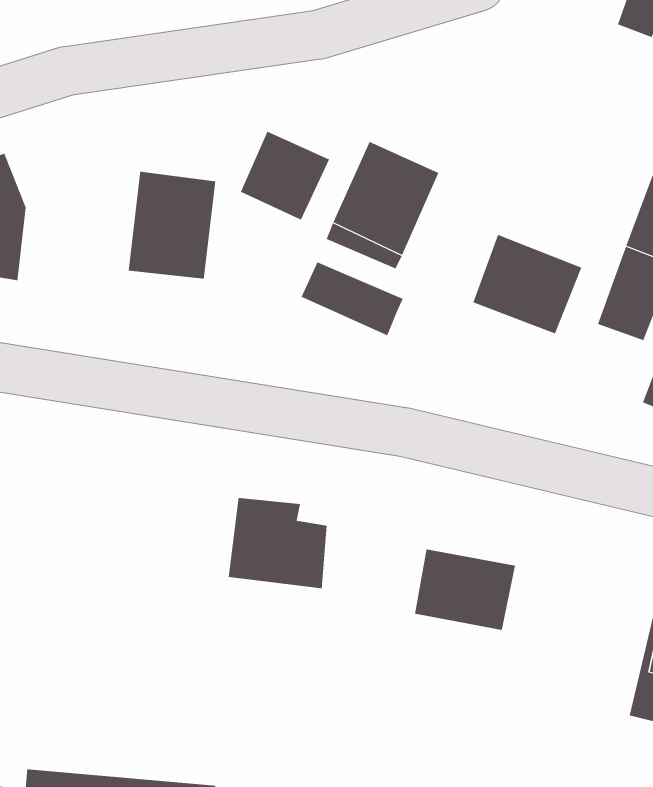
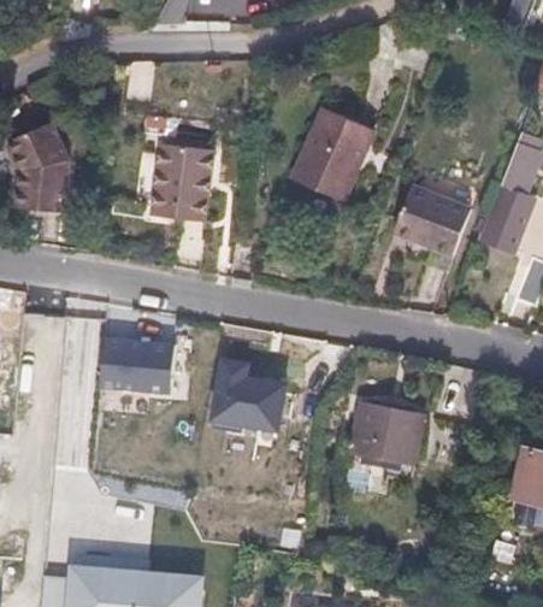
building: [240,131,330,220] -> none
building: [301,262,403,336] -> none
building: none -> [105,337,178,390]

